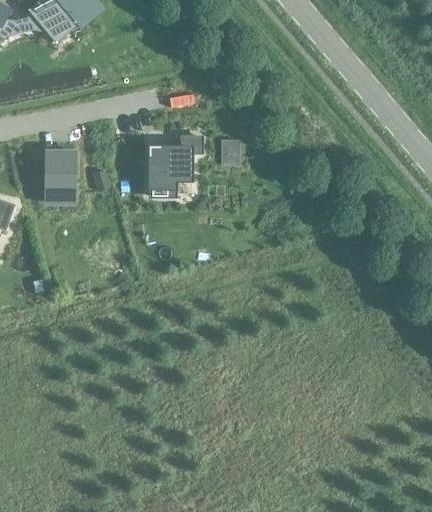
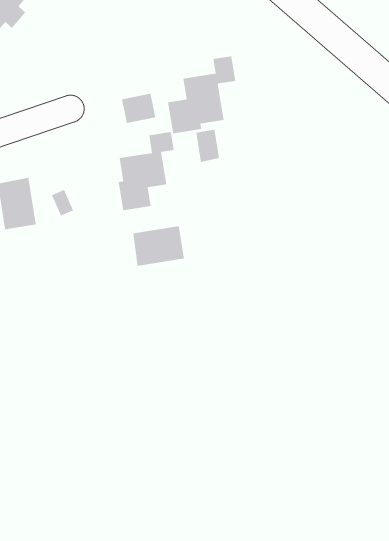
building: none -> [167,56,236,134]
building: none -> [133,224,185,268]

